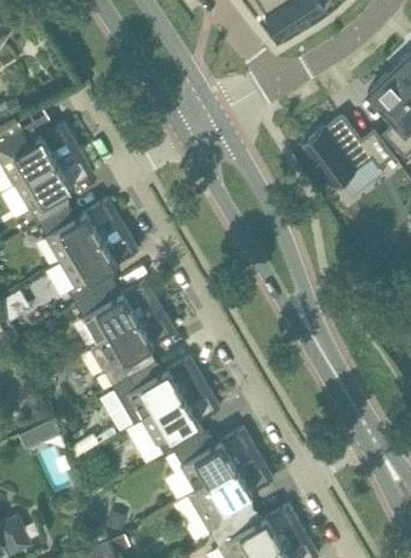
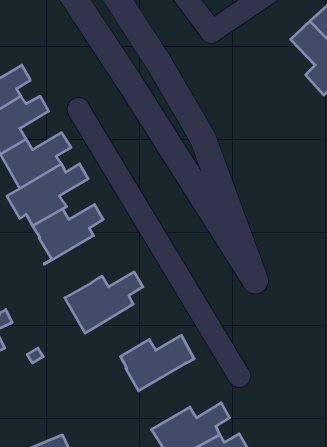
building: [302,115,393,194] -> none
building: [87,315,175,385] -> none
building: [142,391,219,456] -> none
building: [185,454,273,534] -> none

